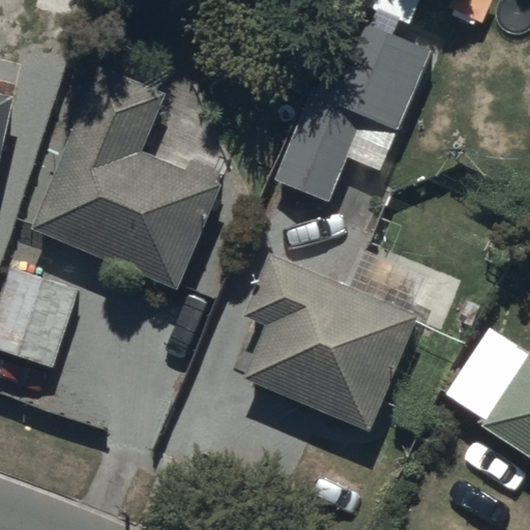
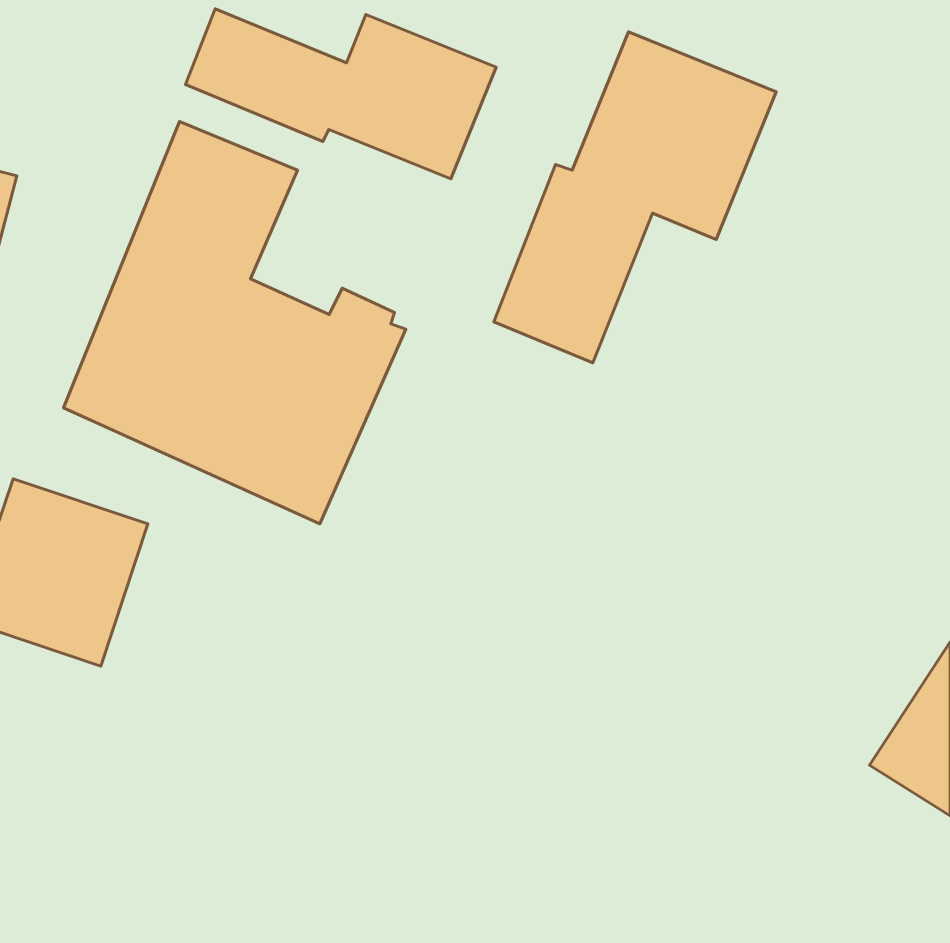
building: none -> [185,9,496,179]
building: [244,254,416,430] -> none

